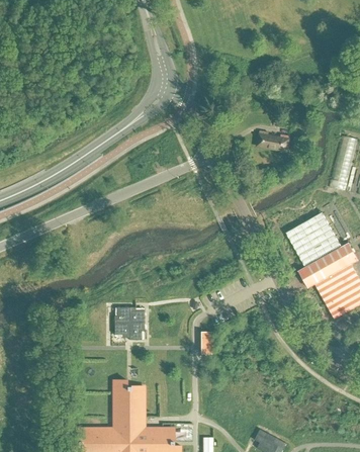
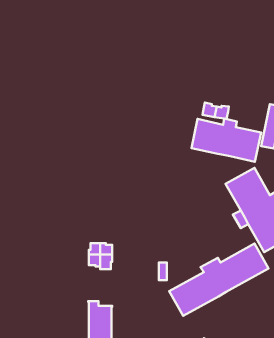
building: none -> [192,119,261,162]
building: none -> [169,244,268,316]

